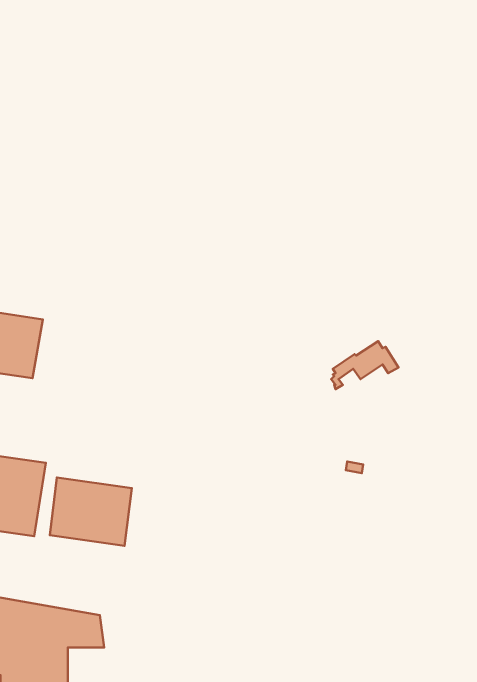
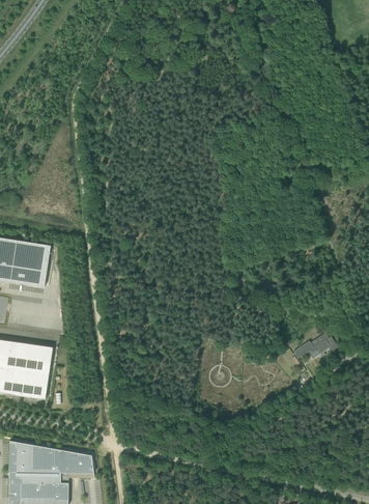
building: [331,341,399,389] -> [292,332,340,366]
building: [50,478,132,546] -> none

